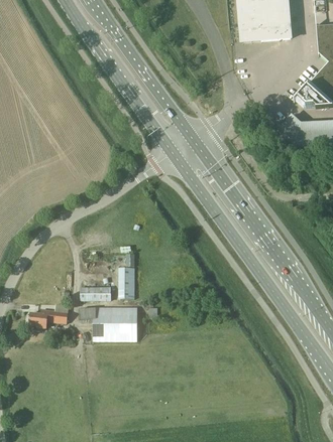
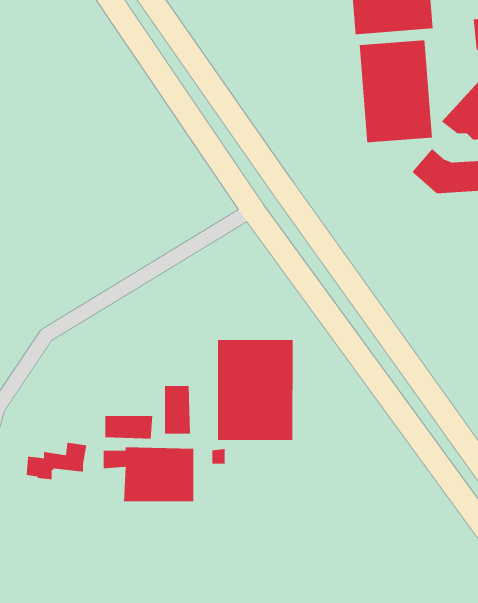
building: none -> [359,39,433,143]
building: none -> [217,339,293,441]

